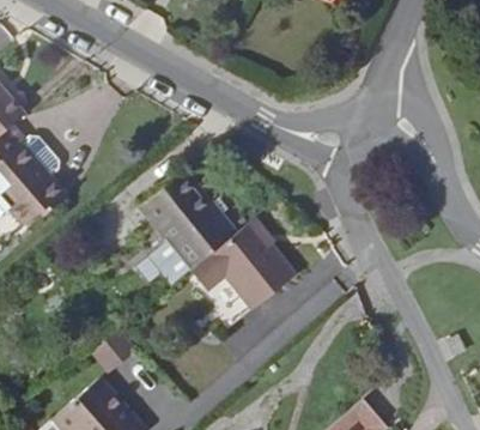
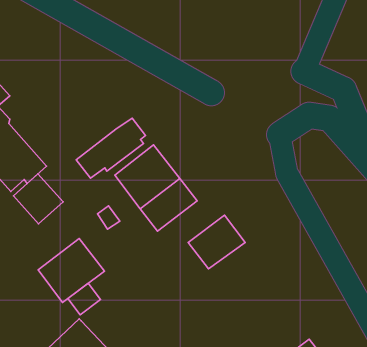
building: none -> [13,174,63,224]
building: [195,224,277,295] -> [76,118,145,178]
building: none -> [38,238,104,303]

